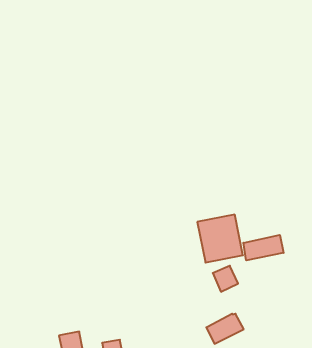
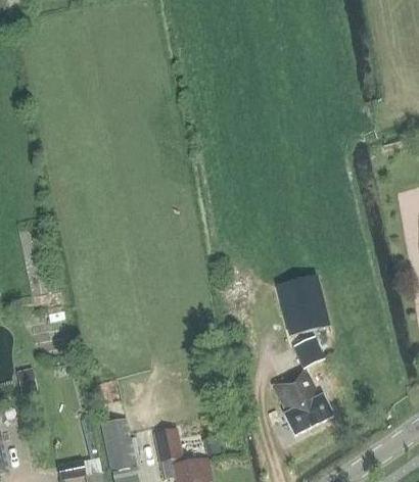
building: [243,235,284,260] -> none
building: none -> [273,370,318,413]

